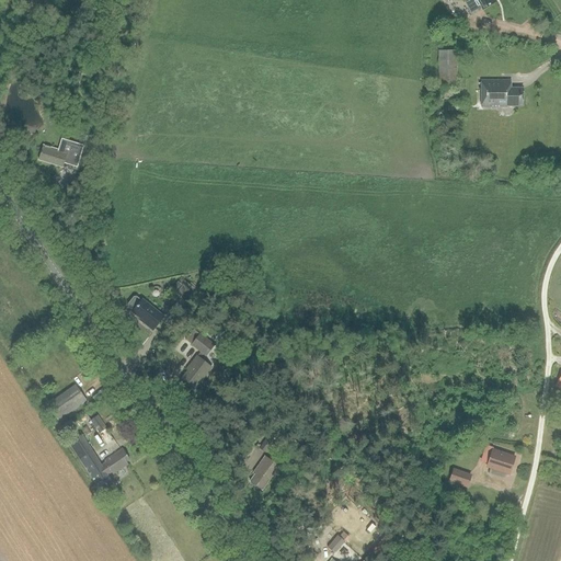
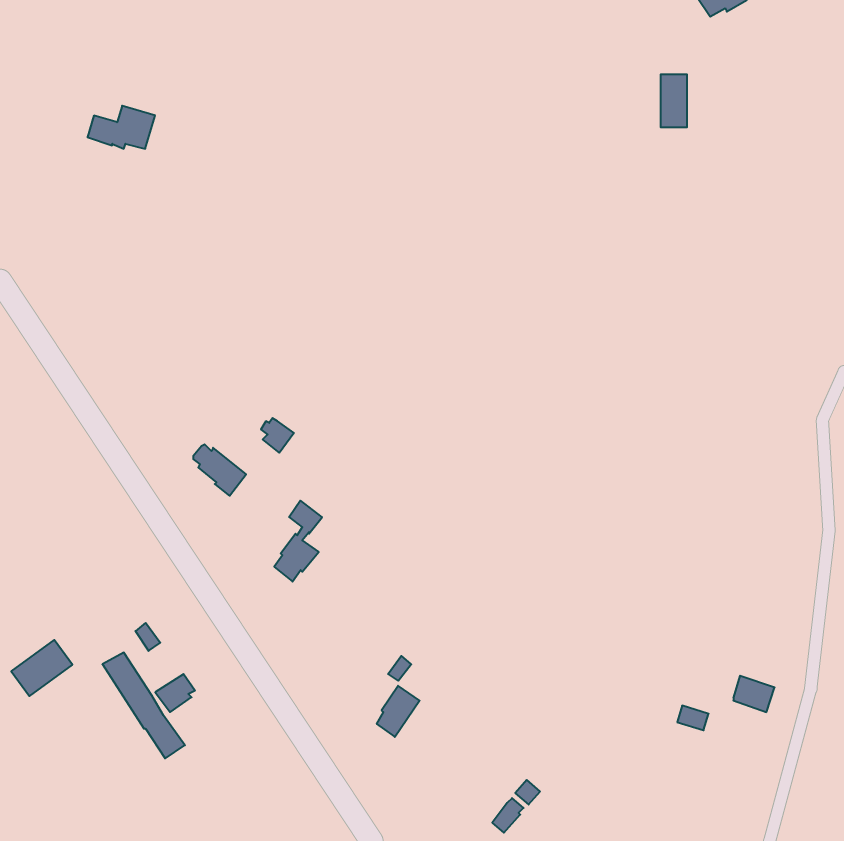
building: [481,79,523,105] -> none
building: [38,137,83,165] -> [87,106,155,149]
building: [46,382,87,420] -> [11,640,72,696]

